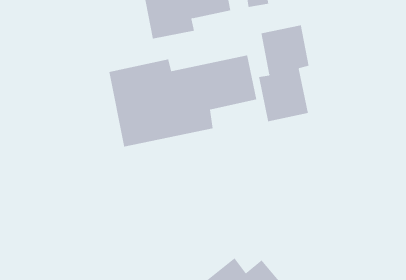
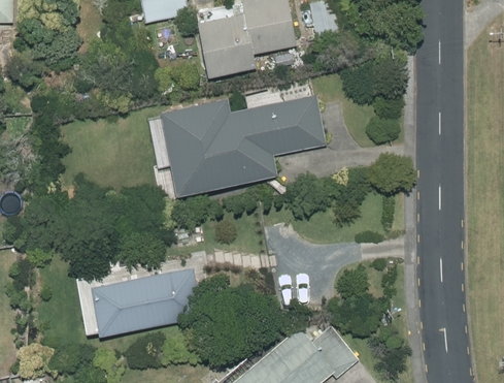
building: [259,24,309,122] -> none
building: none -> [91,264,199,329]

